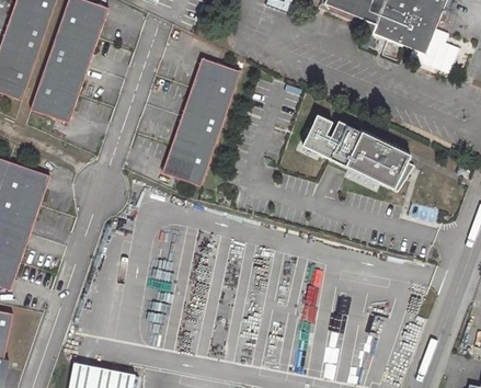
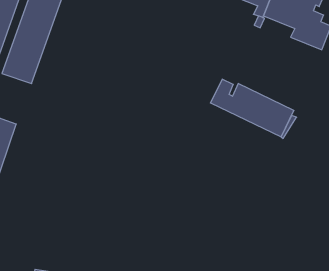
building: [162,58,240,185] -> none

